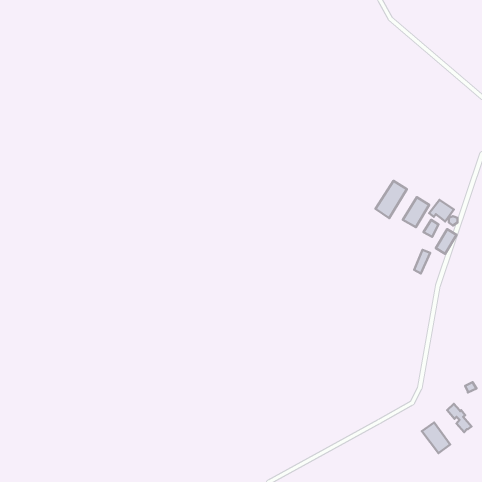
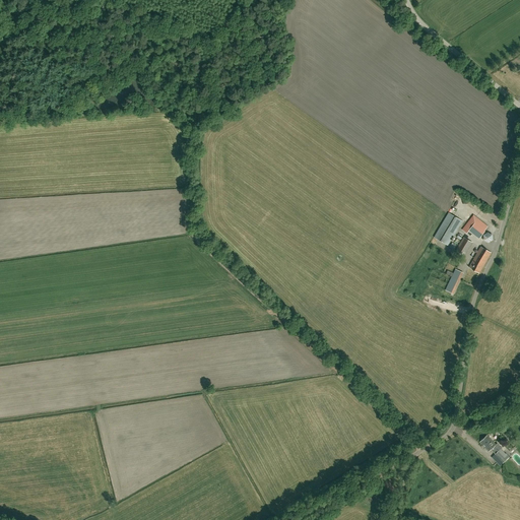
building: [375,181,407,218] -> none
building: [422,422,450,453] -> none

